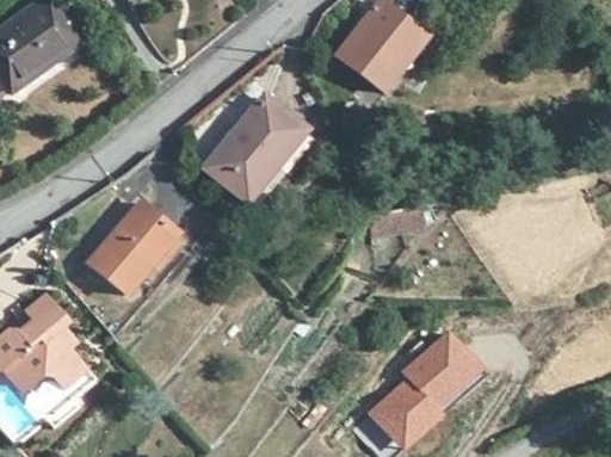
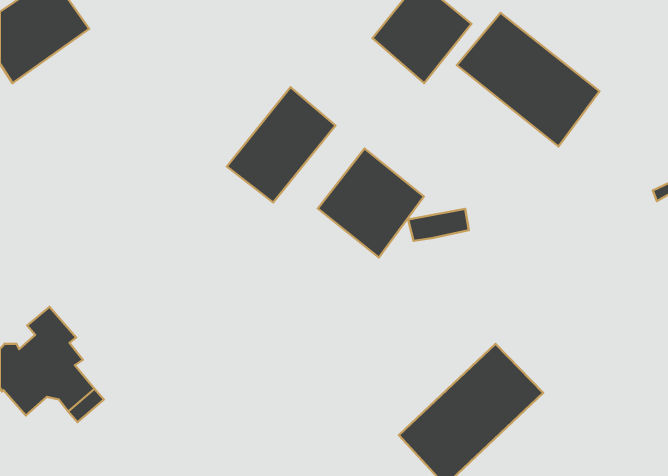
building: none -> [457,13,600,147]
building: none -> [318,149,424,258]
building: [88,202,177,295] -> none

